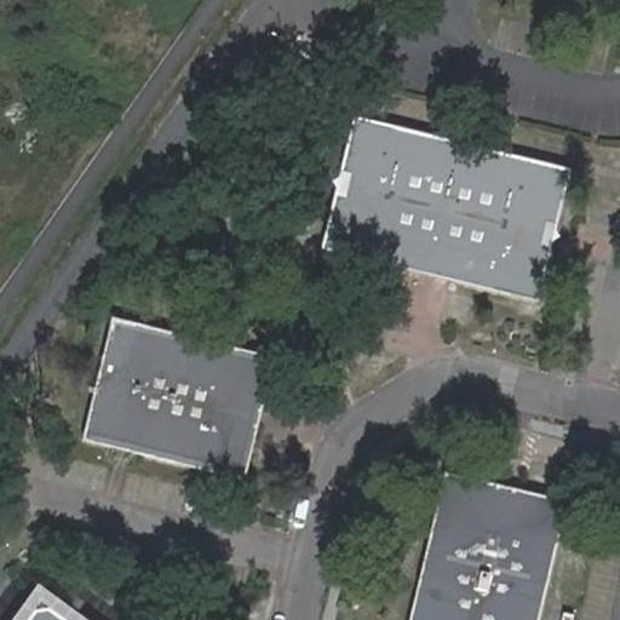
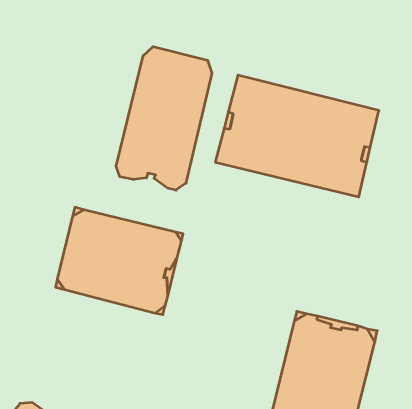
building: none -> [116,47,212,190]

